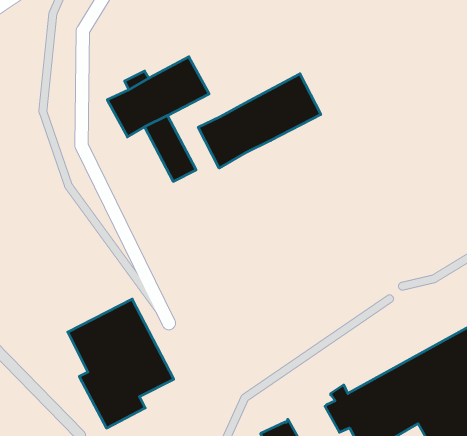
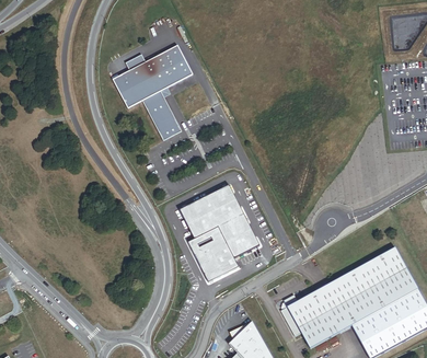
building: [198,74,321,168] -> none
building: [68,299,174,428] -> [180,184,261,282]

